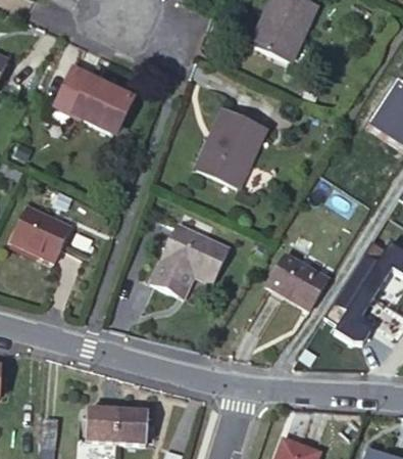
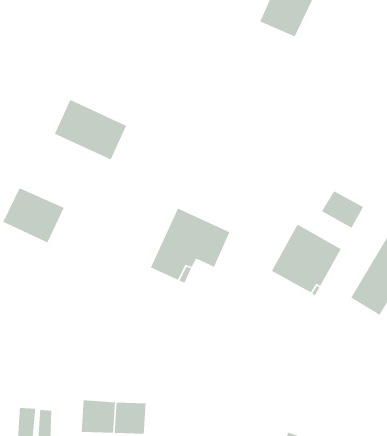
building: [56,70,127,129] -> [54,99,127,161]
building: [196,108,264,187] -> none
building: none -> [321,190,364,229]

